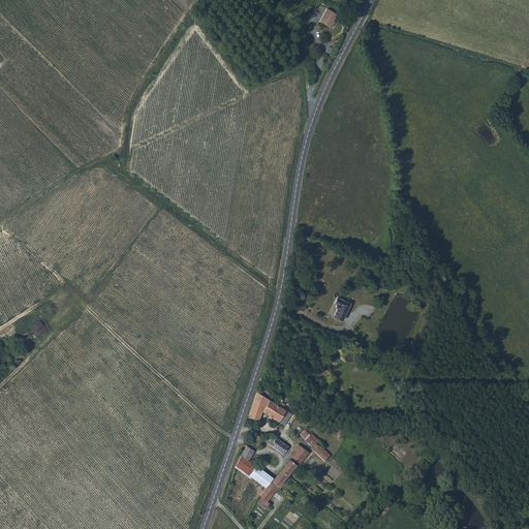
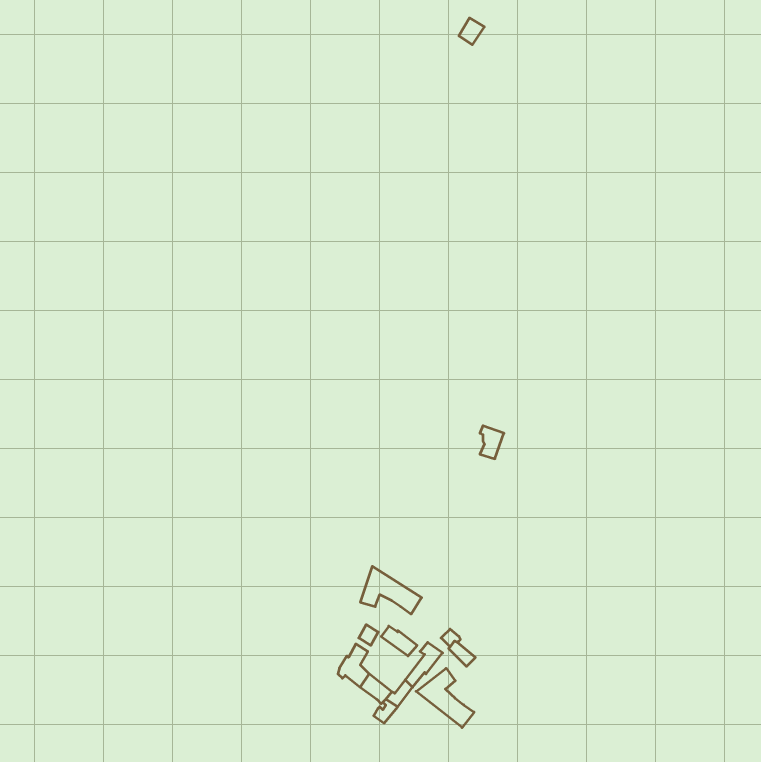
building: none -> [416,668,474,728]

